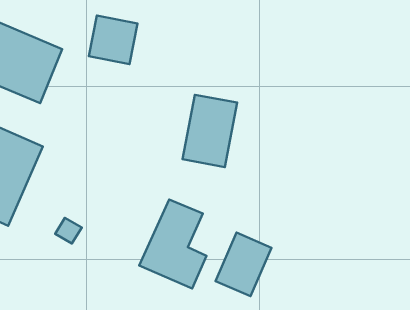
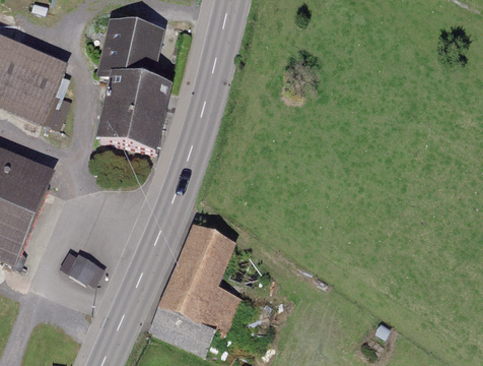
building: [182,95,237,167] -> [101,71,164,155]
building: [216,233,272,296] -> none

